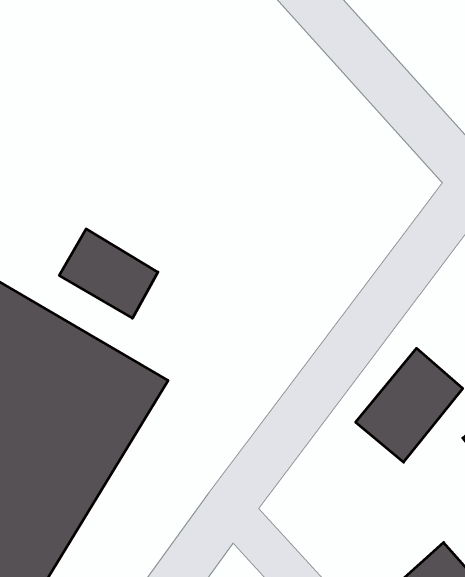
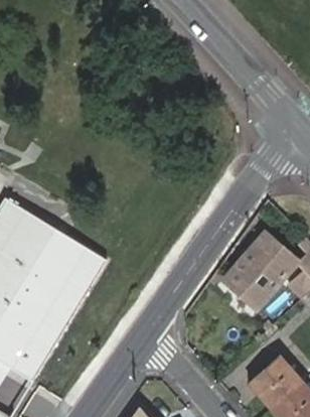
building: [59,229,158,318] -> none

